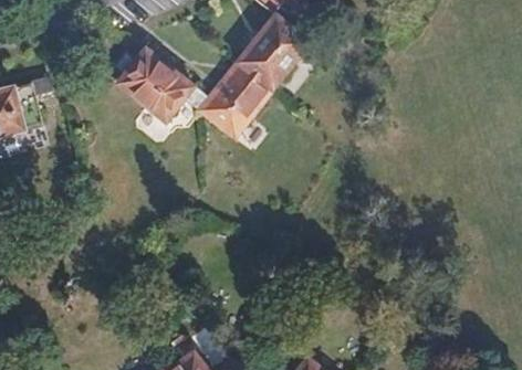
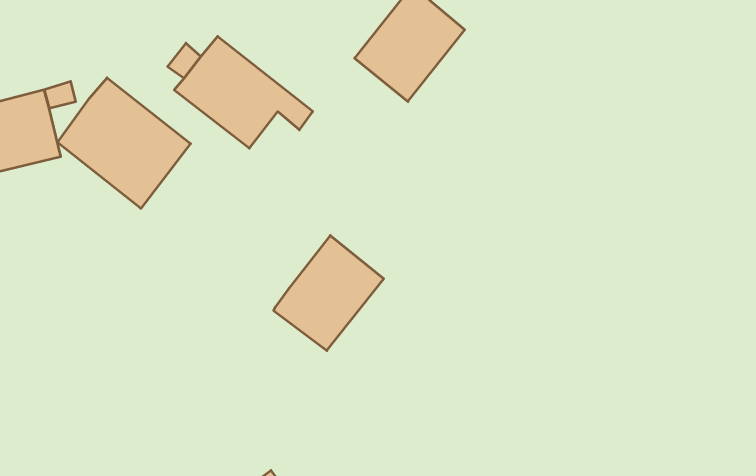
building: [198,61,271,137] -> [274,235,384,351]
building: none -> [57,78,191,208]

